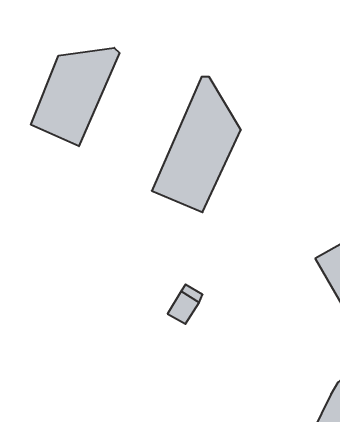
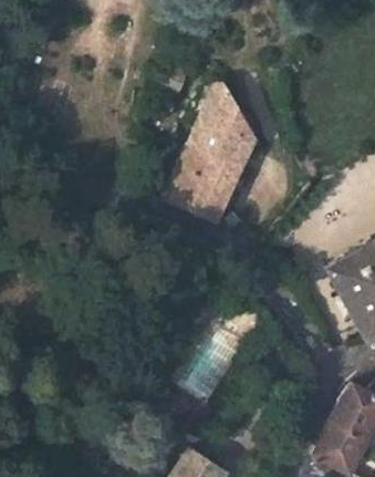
building: [31,48,120,146] -> none

